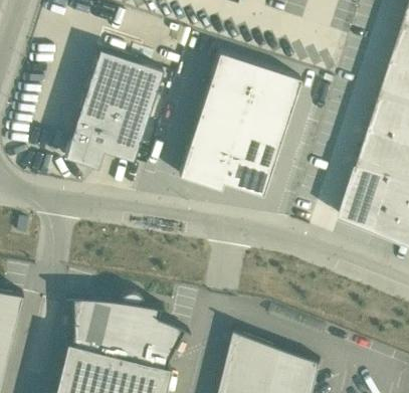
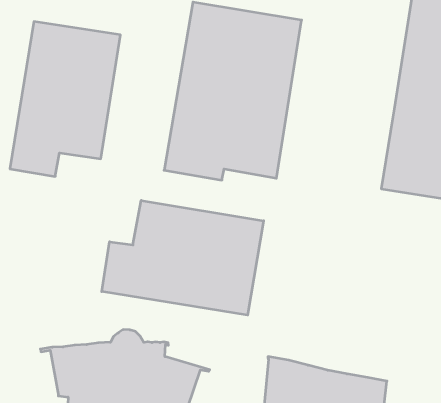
building: none -> [102,200,264,315]

